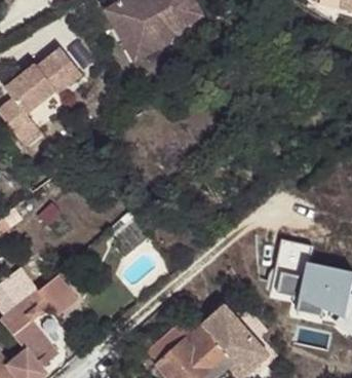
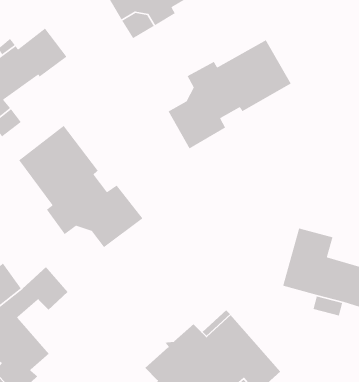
building: none -> [168,39,292,150]
building: none -> [18,125,144,248]

